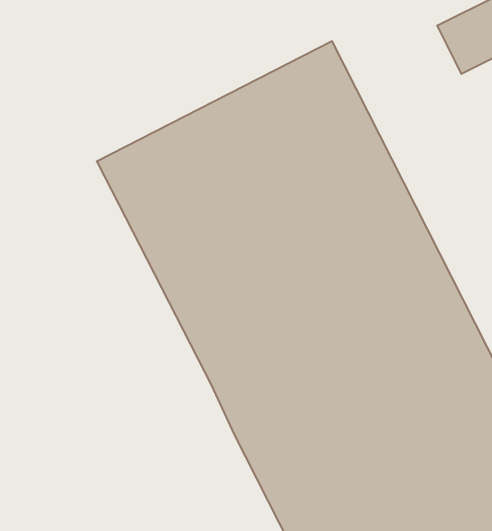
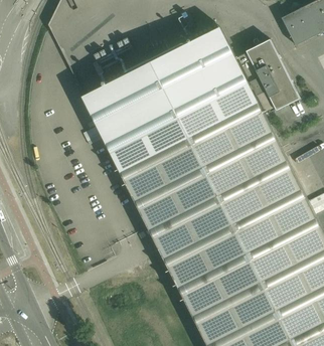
building: none -> [236,38,299,114]

